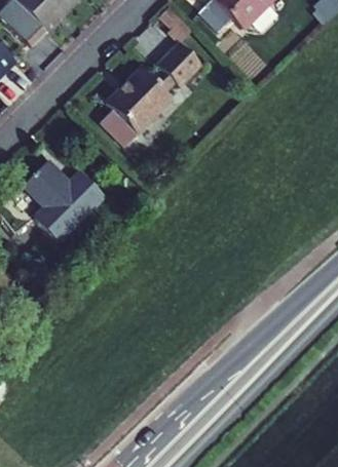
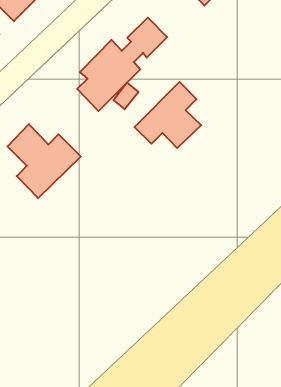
building: none -> [134,82,201,148]

